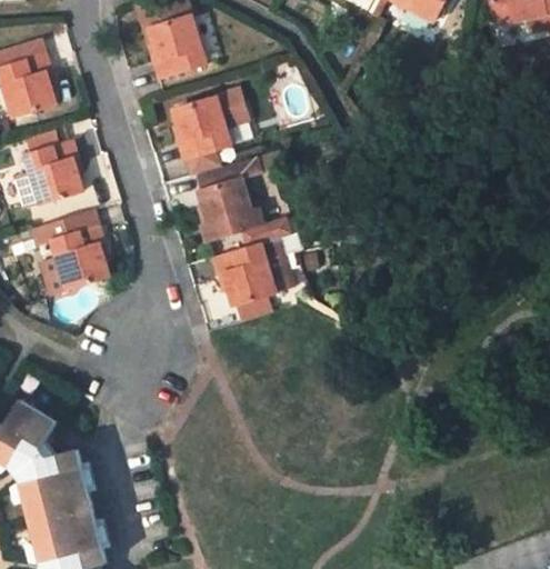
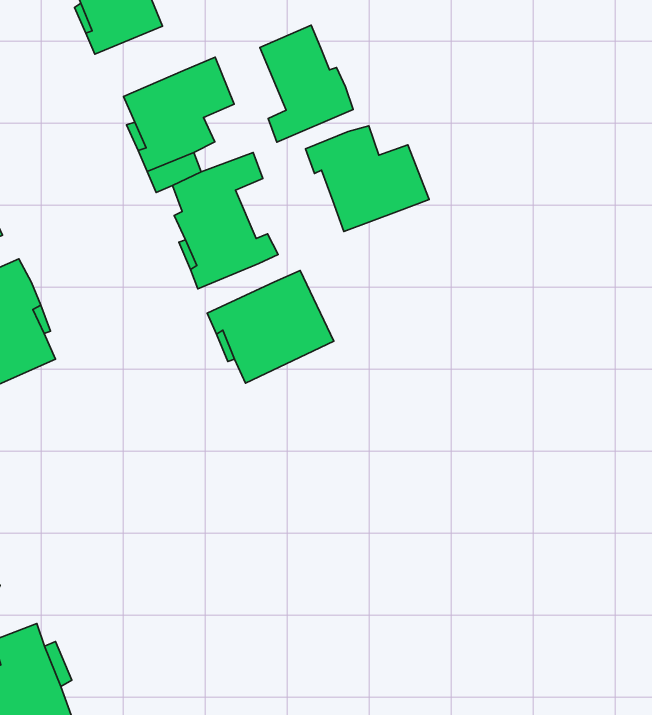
building: none -> [260,25,353,142]
building: none -> [305,126,429,232]

